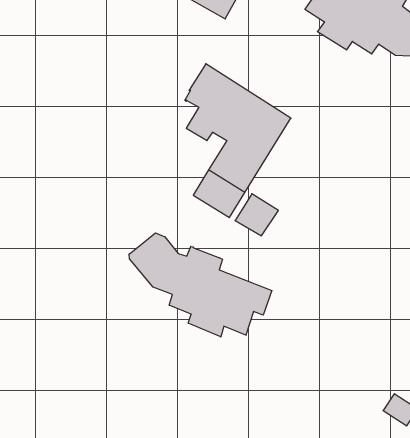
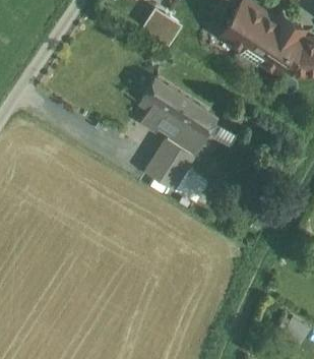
building: [129,233,272,337] -> none

